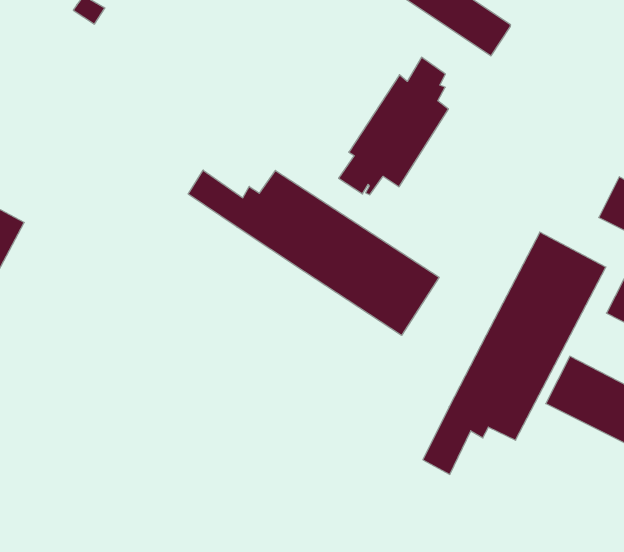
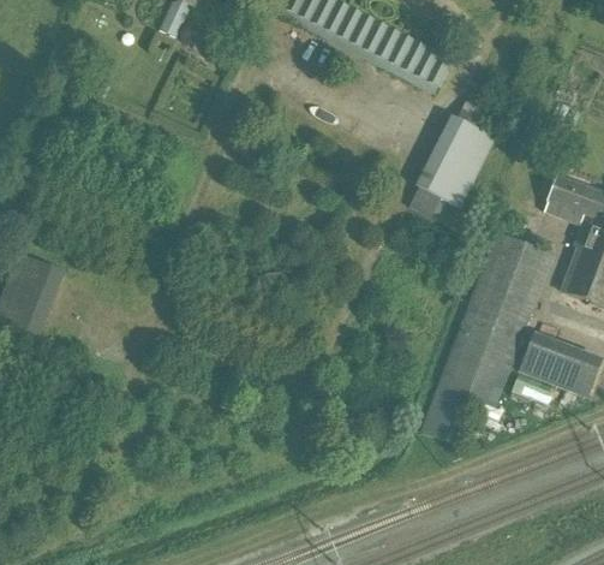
building: [339,57,448,195] -> [409,97,495,218]
building: [188,170,439,335] -> none

